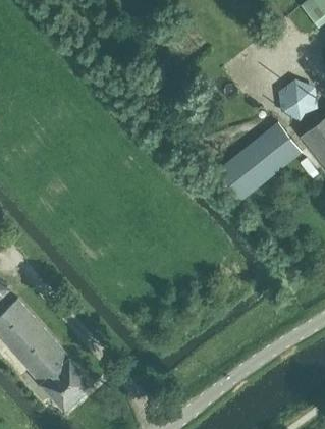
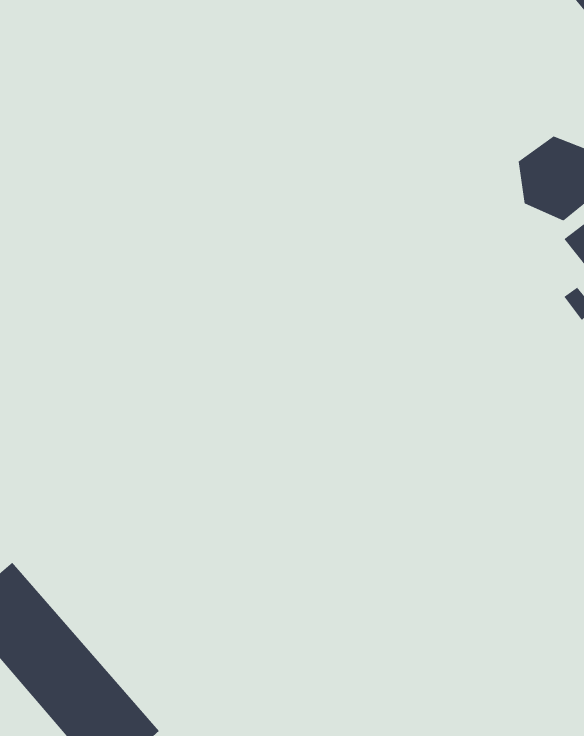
building: [218,121,302,200] -> none

